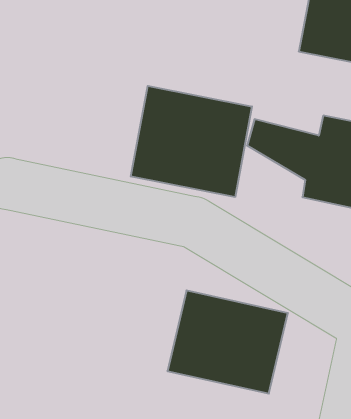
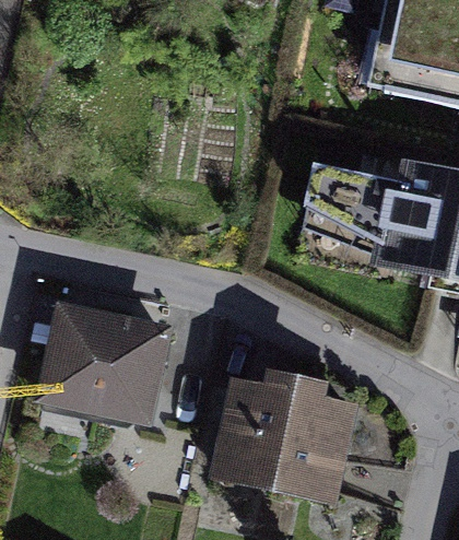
building: [131,86,252,197] -> none
building: none -> [50,317,163,426]

